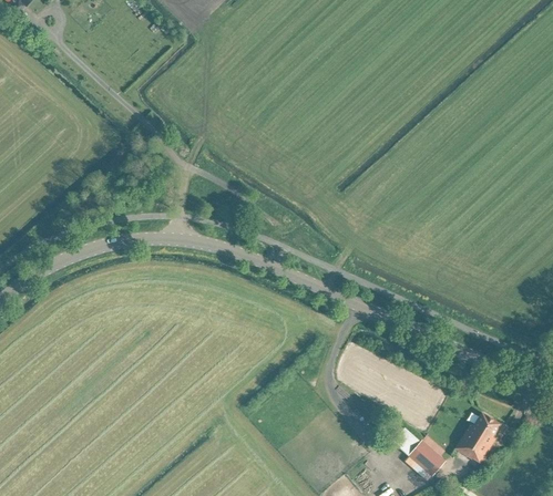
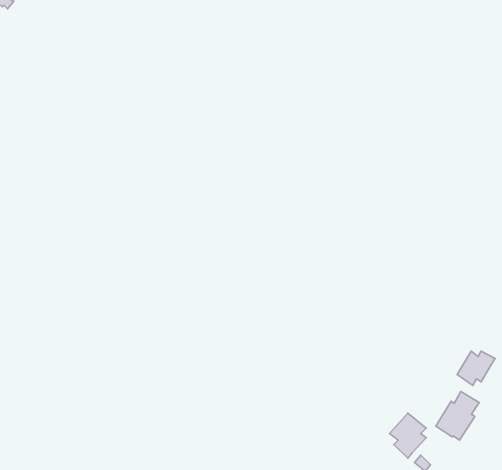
building: none -> [457,351,495,385]

